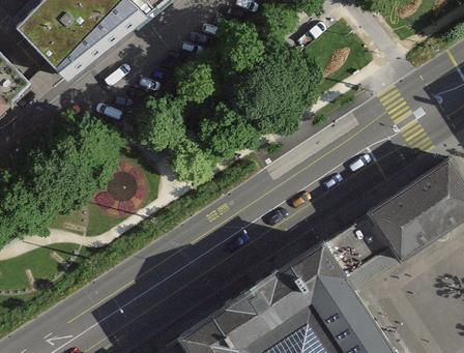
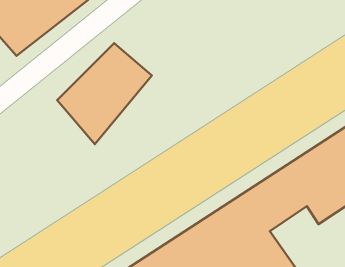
building: none -> [57,43,152,144]

